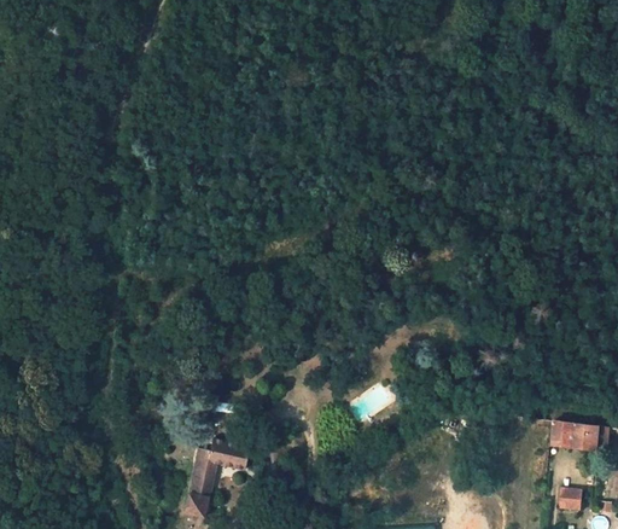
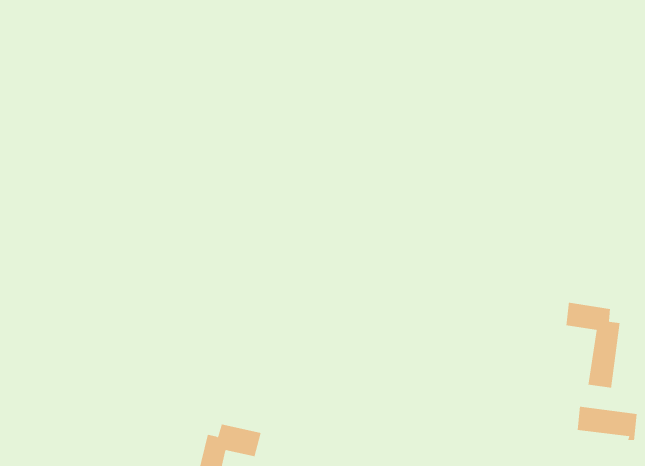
building: none -> [566,302,620,389]

